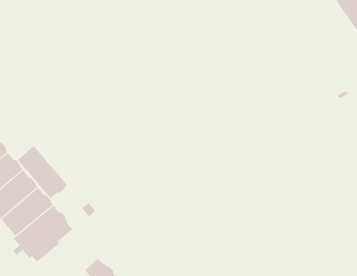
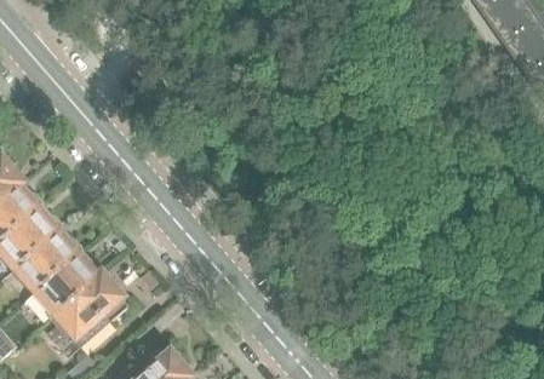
building: [17,145,68,199] -> none

